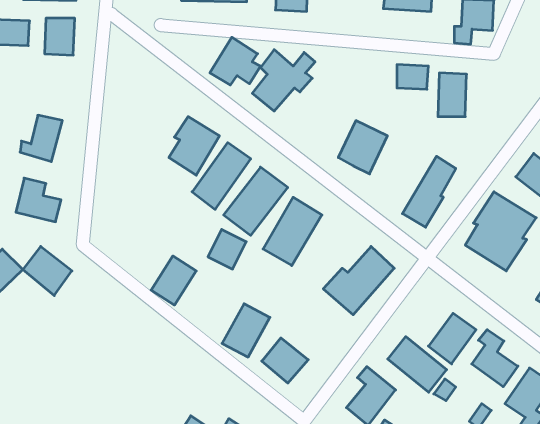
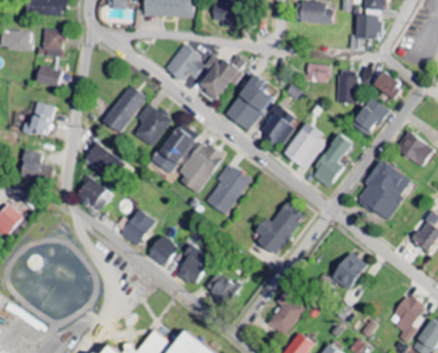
building: none -> [35,65,62,88]
building: none -> [373,70,404,99]
building: none -> [226,74,277,131]
building: none -> [103,85,147,134]
building: none -> [353,97,391,134]
building: none -> [284,122,324,170]
building: none -> [86,143,122,174]
building: [208,229,246,269] -> [148,235,177,265]
building: [23,246,72,296] -> [76,176,113,214]
building: [472,330,518,387] -> none
building: [388,337,447,392] -> none

